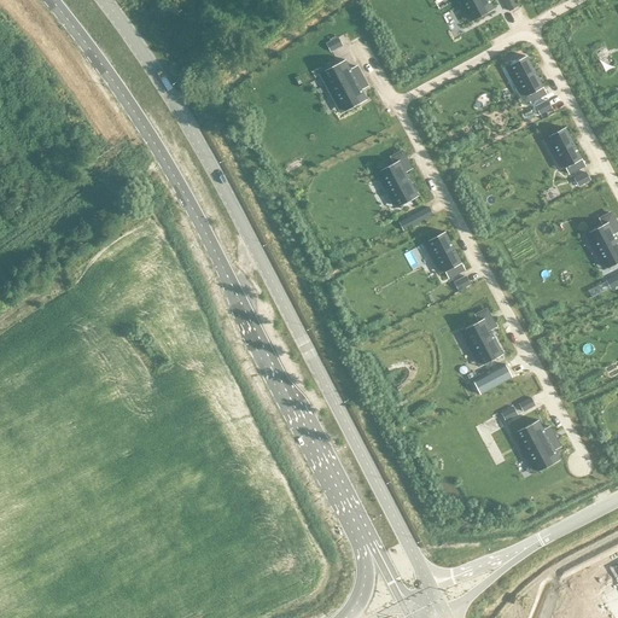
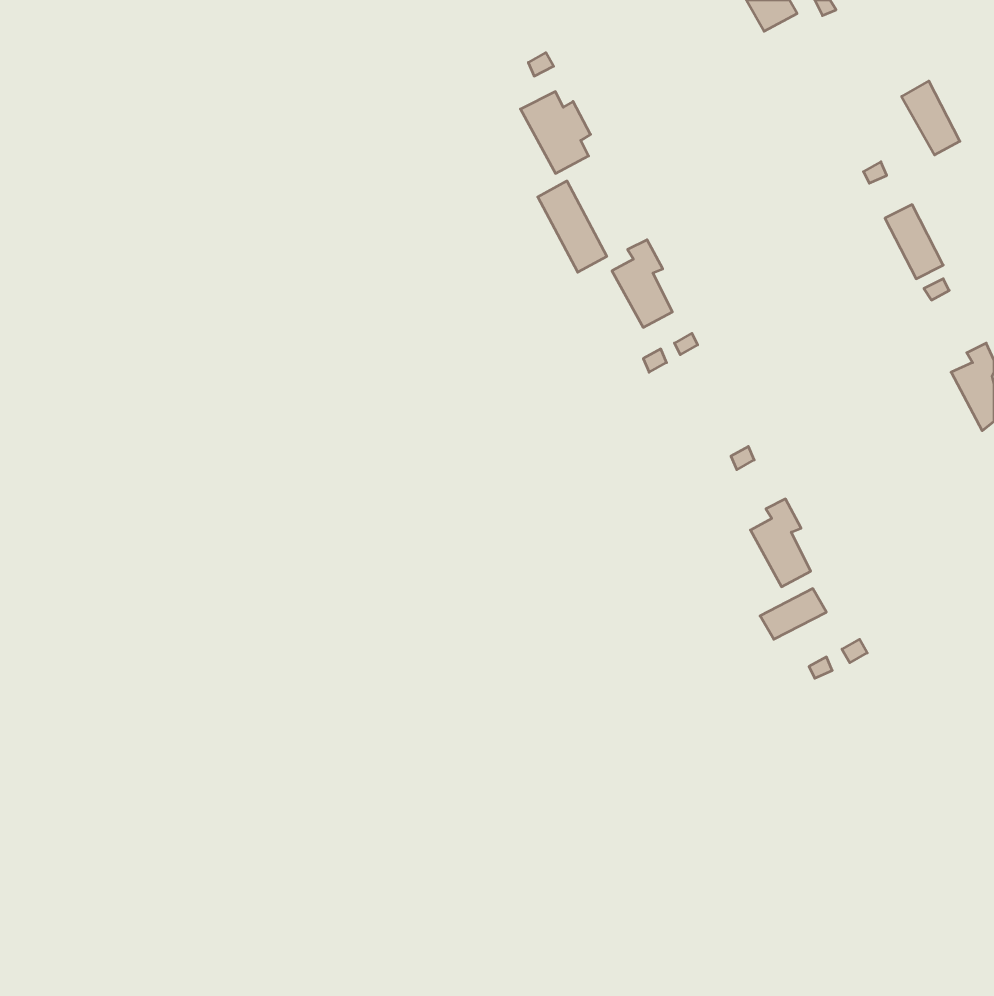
building: [509,54,546,100] -> [902,81,960,155]
building: none -> [538,181,607,272]
building: [427,231,465,276] -> none
building: [518,420,560,471] -> none

